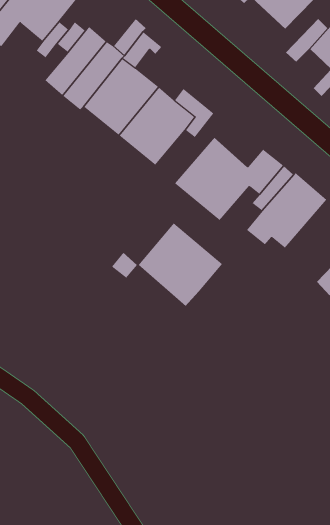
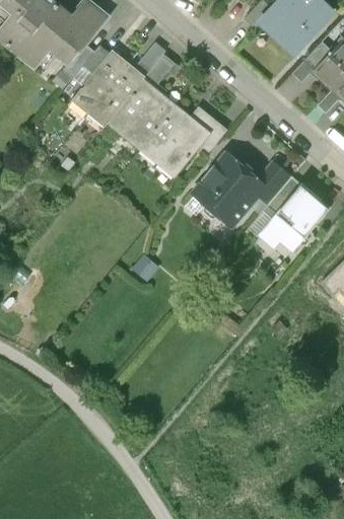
building: [138,223,223,307] -> none

